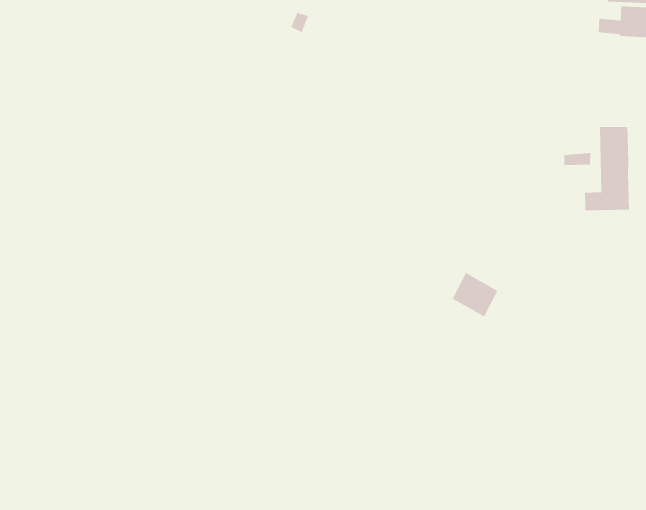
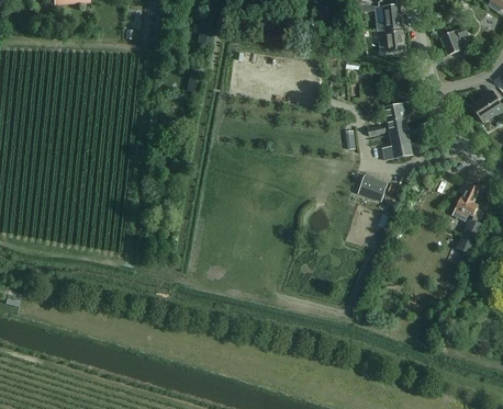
building: [452,272,498,317] -> [360,173,388,198]

